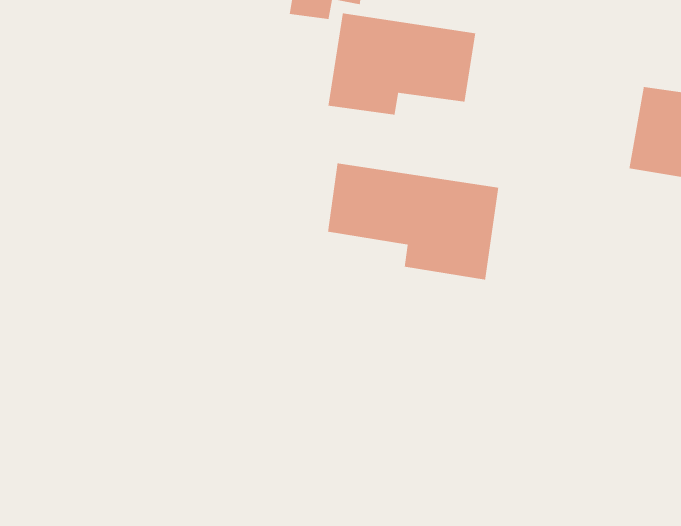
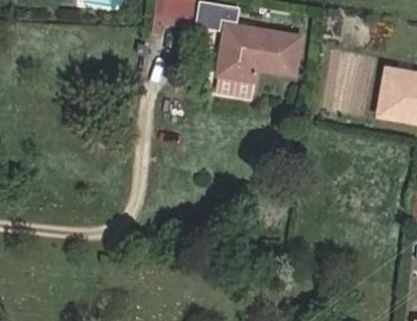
building: [327,163,499,281] -> none

